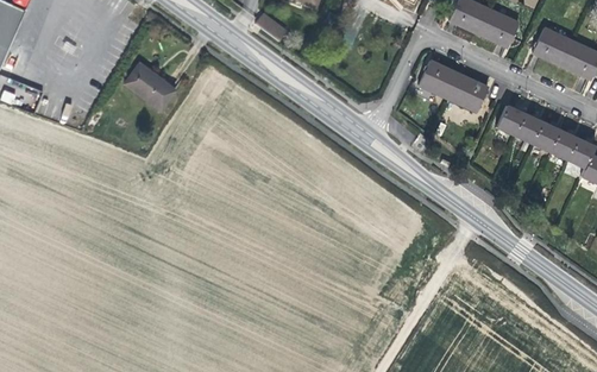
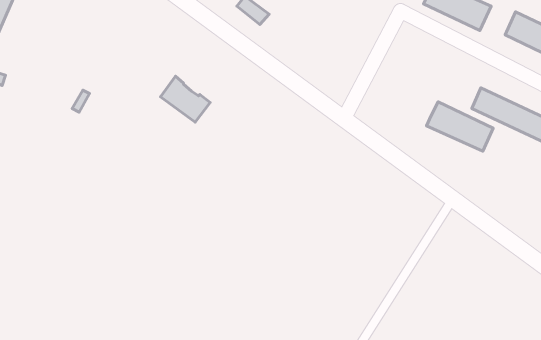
building: [419,59,488,111] -> [426,102,493,151]
building: [125,62,176,109] -> [161,76,210,122]

